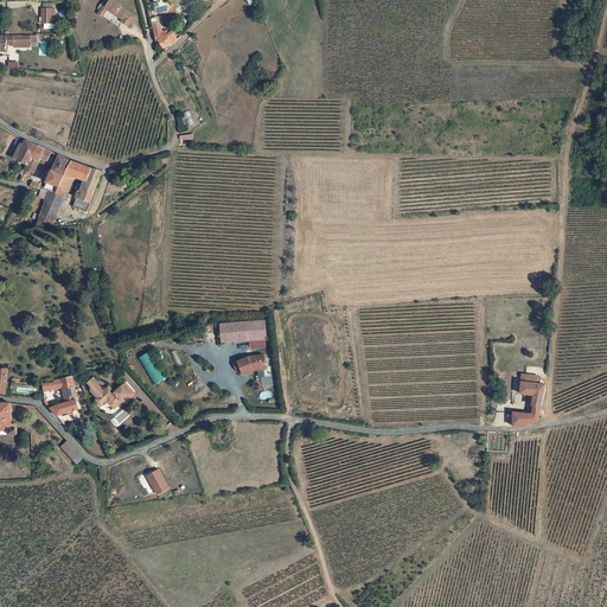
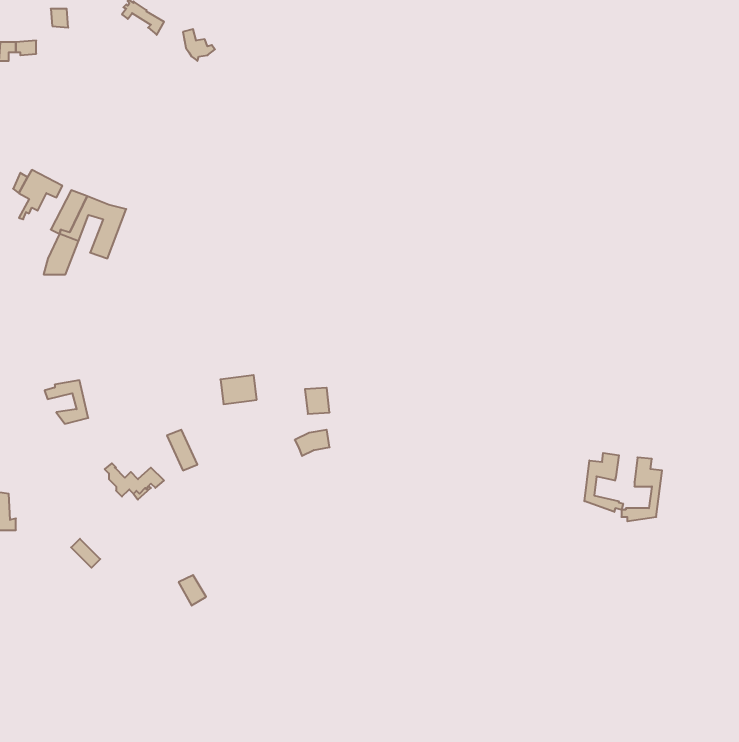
building: [222,318,251,341] -> [220,375,257,404]
building: none -> [584,453,623,512]
building: [40,378,76,414] -> [45,380,88,424]

